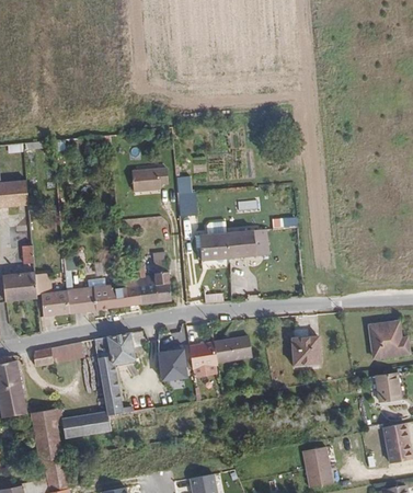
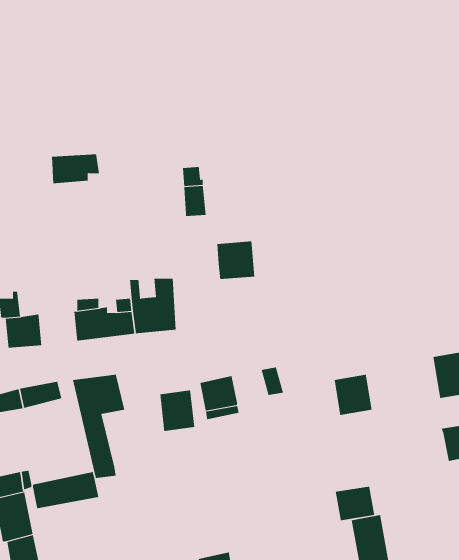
building: [130,168,168,191] -> [51,154,100,184]
building: [229,232,257,261] -> none
building: [66,287,94,313] -> none
building: [214,332,241,357] -> none
building: none -> [335,486,375,521]

